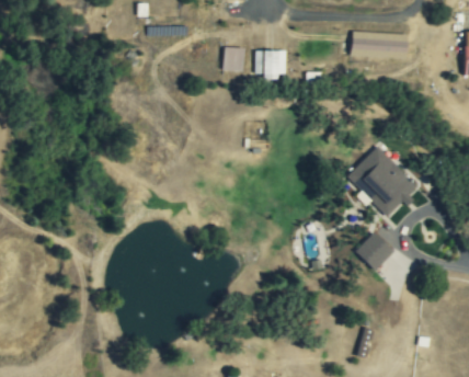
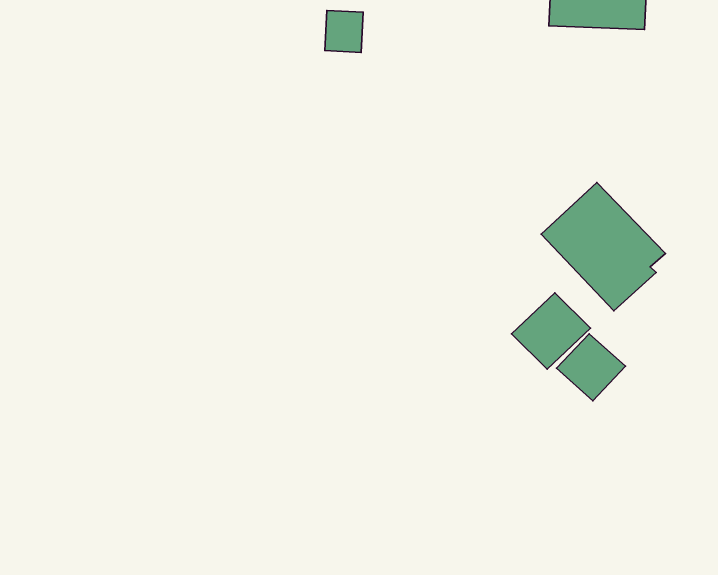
building: [255,50,285,76] -> none
building: none -> [512,293,590,369]

